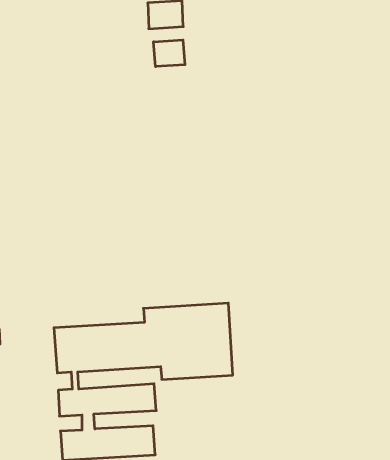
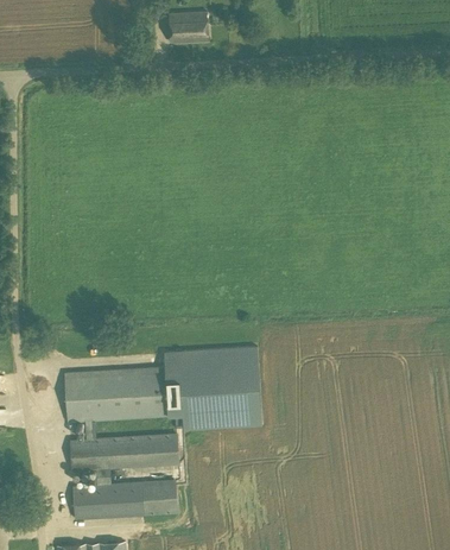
building: [154,40,185,67] -> none

